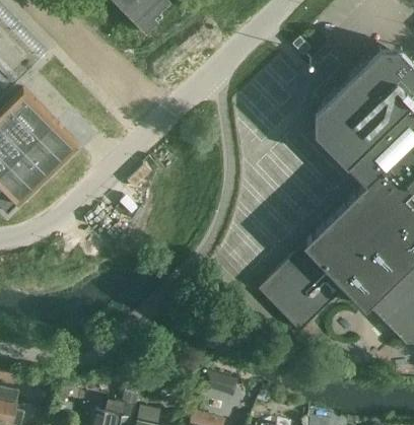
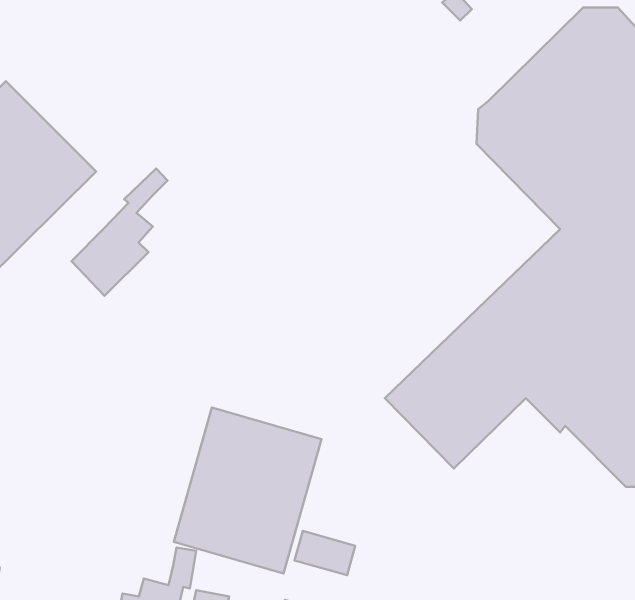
building: none -> [72,168,168,296]
building: none -> [174,407,321,574]

